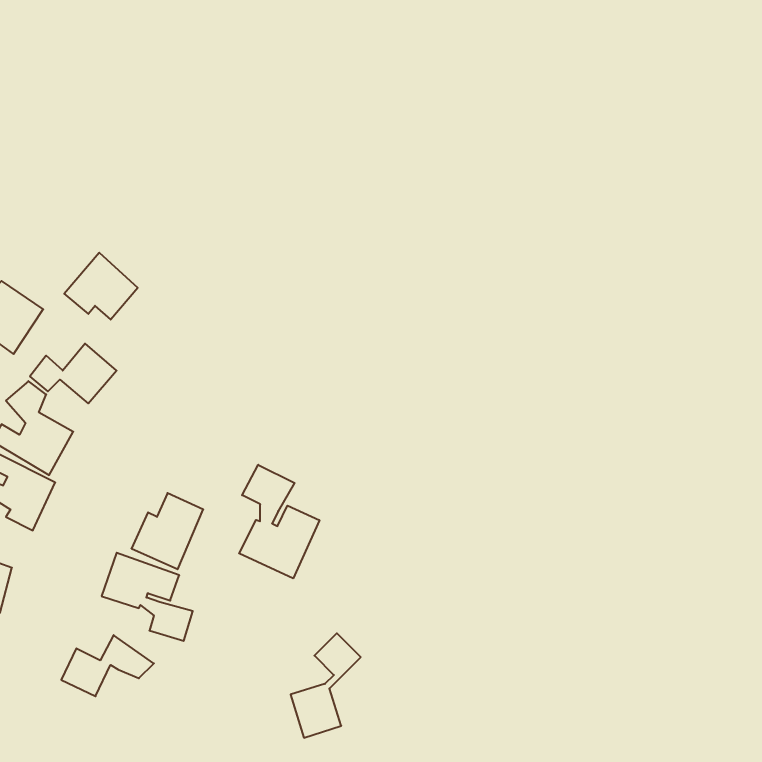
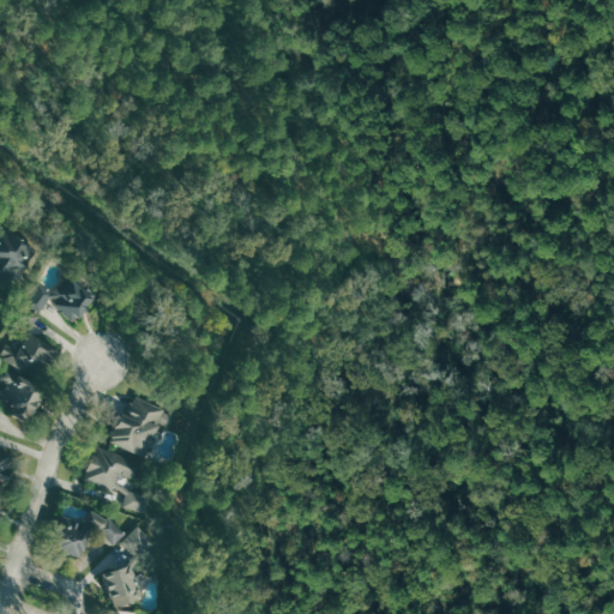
building: [64,253,138,320] -> none
building: [239,465,319,578] -> none
building: [291,633,361,738] -> [100,524,156,608]

